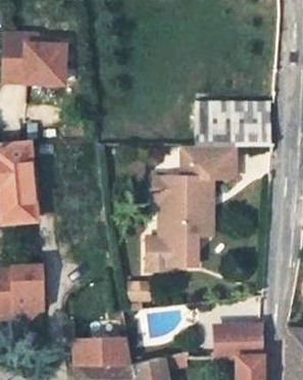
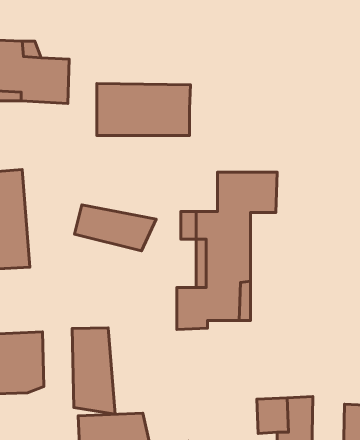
building: [196,99,271,141] -> [97,83,191,135]
building: none -> [74,205,156,251]
building: none -> [72,328,115,414]

